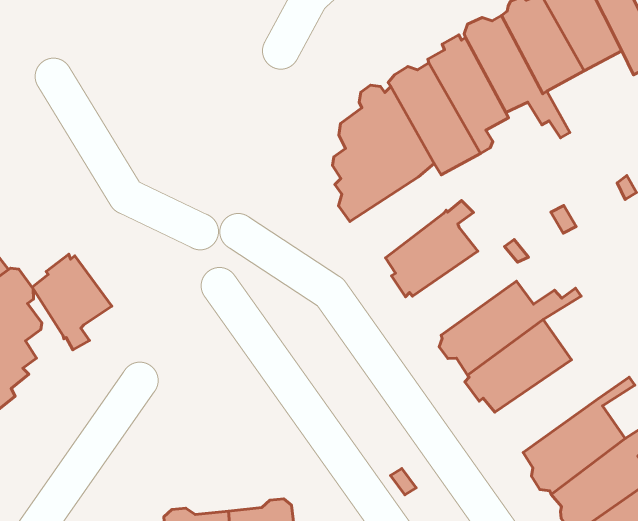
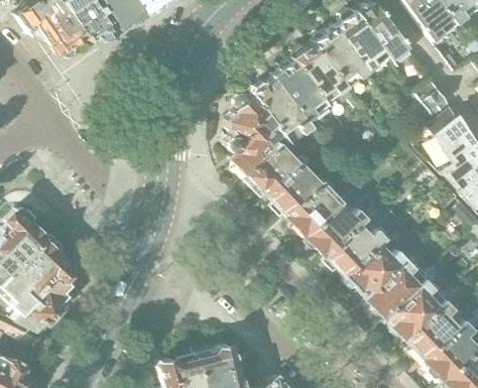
building: none -> [243,144,297,195]
building: none -> [286,180,342,235]
building: [32,254,112,350] -> none
building: none -> [345,238,404,296]

